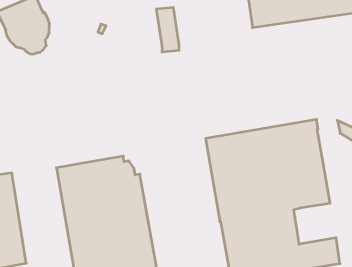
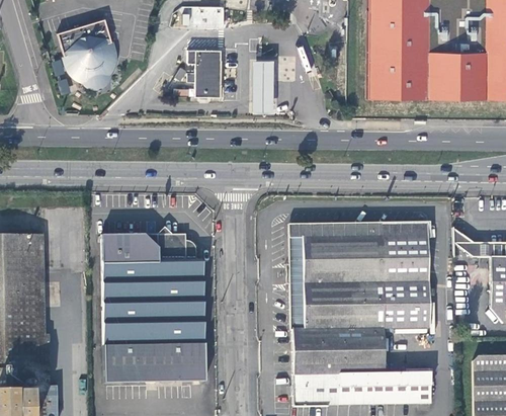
building: none -> [189,49,222,96]

